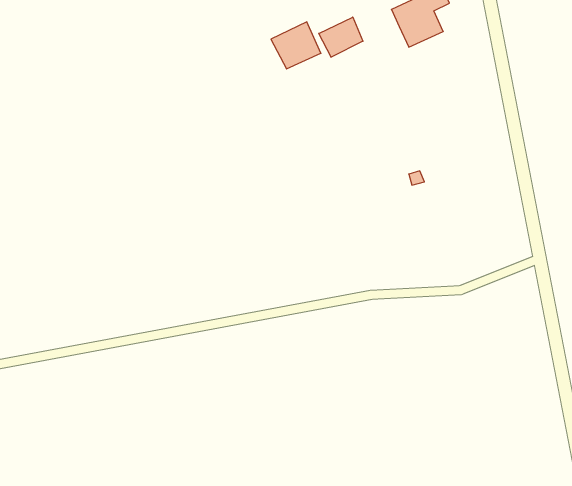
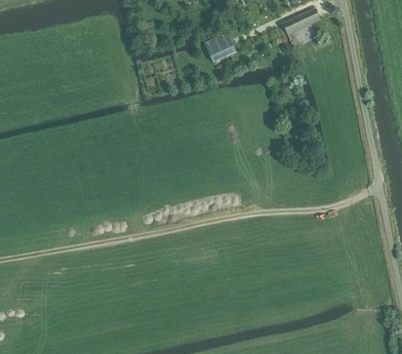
building: [319,17,363,57] -> none

